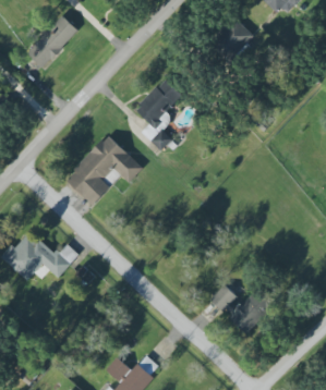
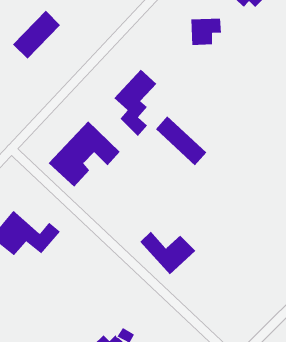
building: none -> [155,115,207,166]
building: [212,285,273,333] -> [140,231,196,275]

